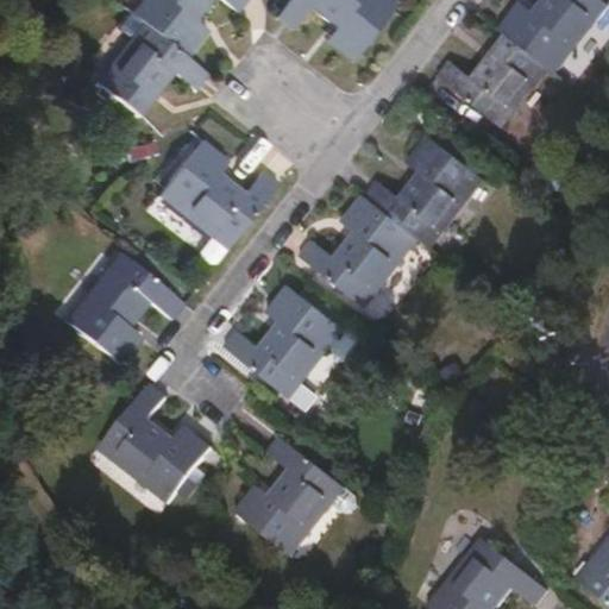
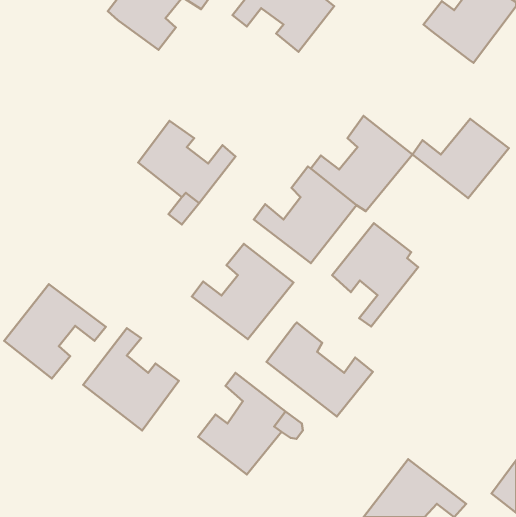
building: [94,24,206,117] -> none
building: [437,36,550,128] -> [412,119,509,198]
building: [62,255,181,365] -> [4,284,106,379]
building: none -> [332,223,418,327]
building: none -> [266,323,373,416]

